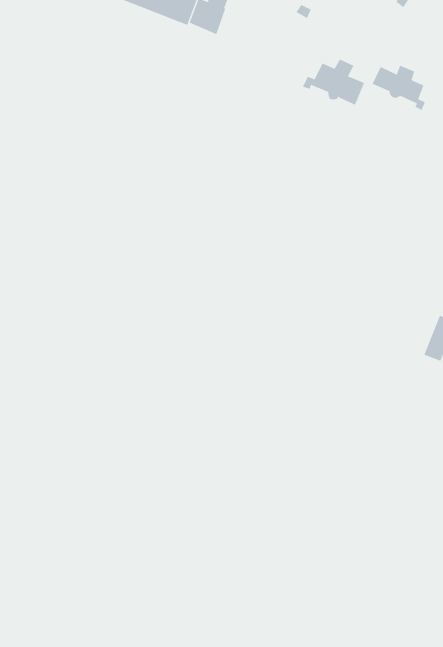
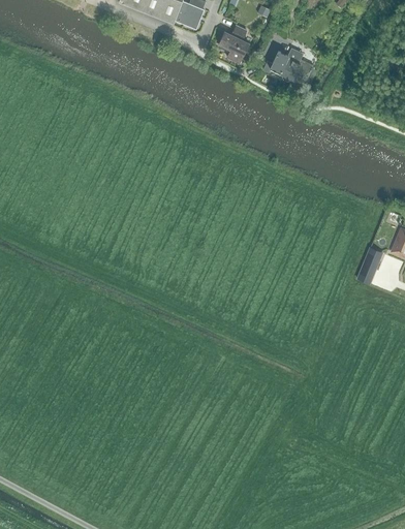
building: none -> [218,25,249,62]
building: [372,65,425,111] -> none

